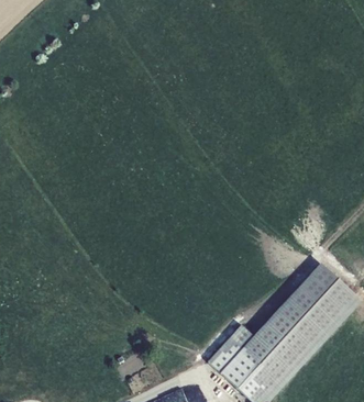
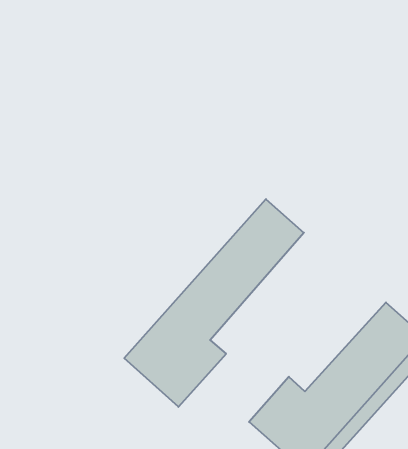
building: none -> [124,199,304,407]

